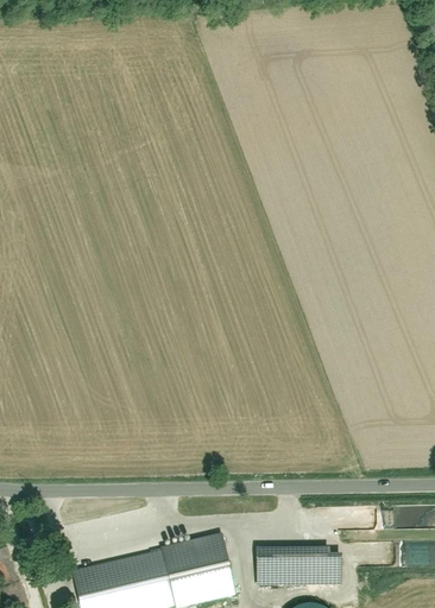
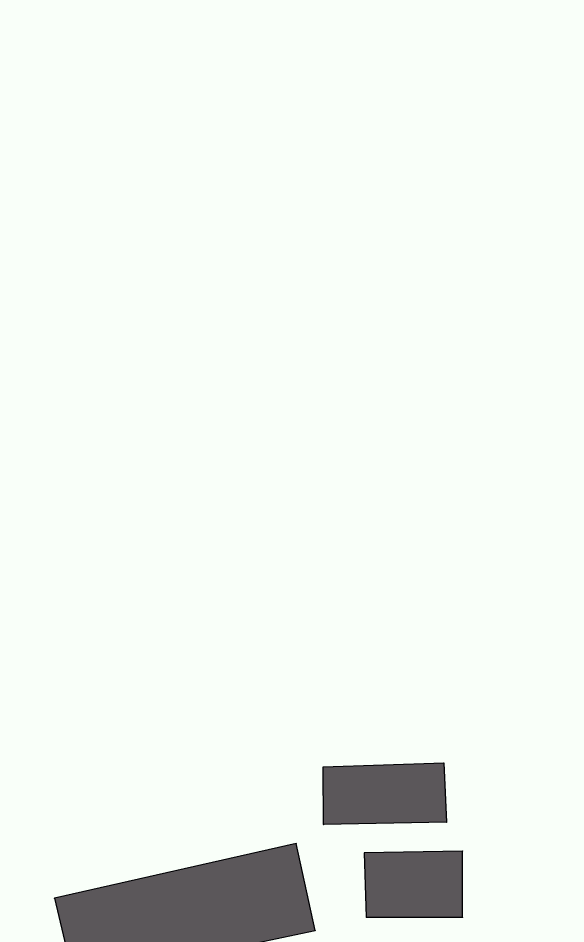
building: none -> [323,763,447,825]

